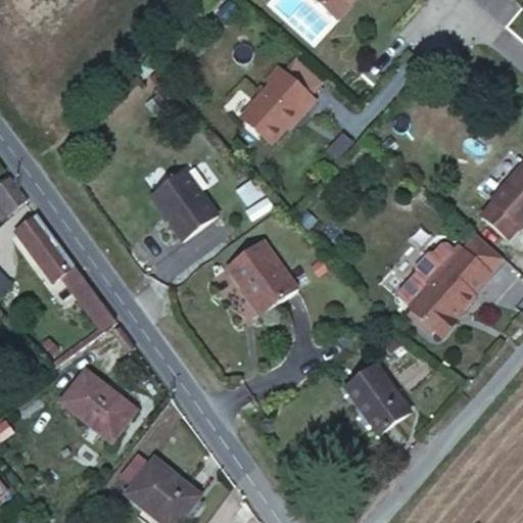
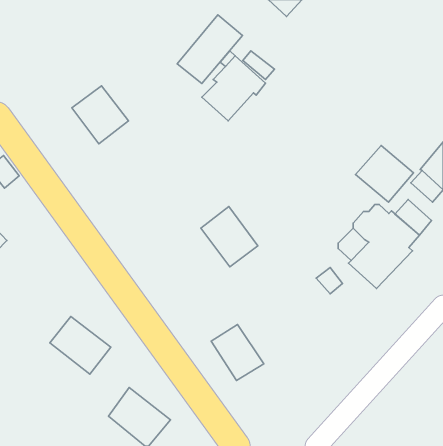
building: none -> [177,15,243,84]
building: [159,167,226,234] -> [72,86,129,144]
building: none -> [356,145,413,202]
building: [11,220,120,340] -> none
building: [355,372,417,437] -> [211,324,264,380]

